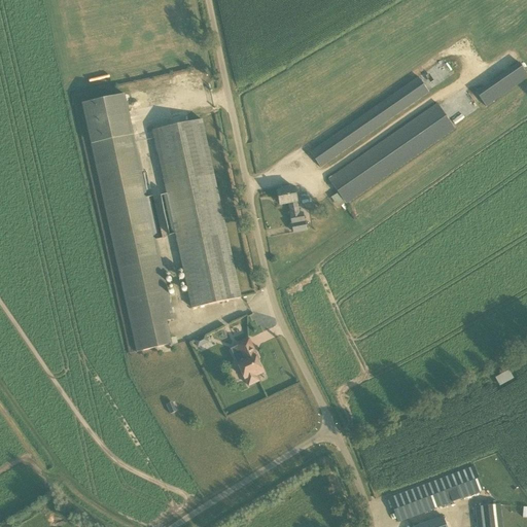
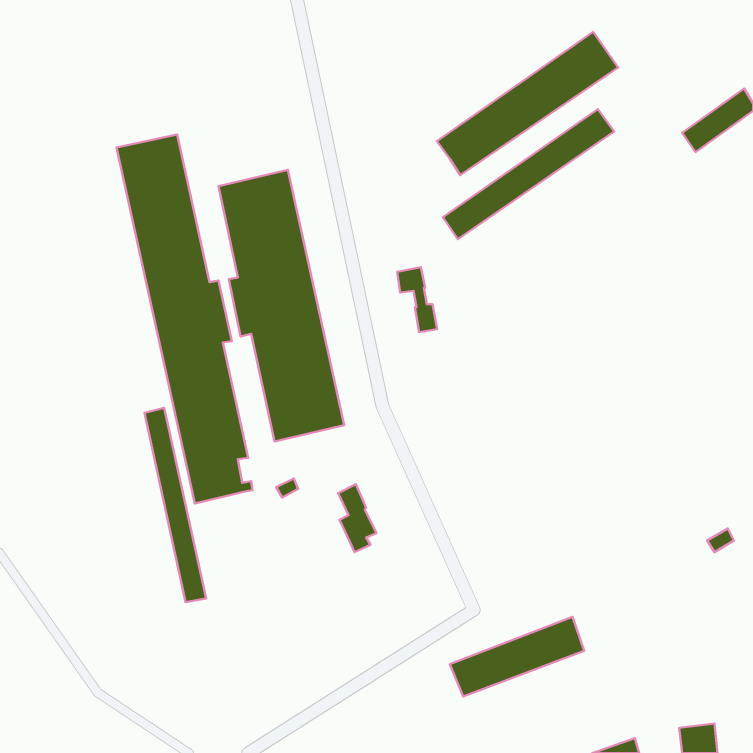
building: [327,103,454,203] -> [437,32,618,175]
building: none -> [145,408,206,602]
building: [388,465,482,521] -> [450,617,584,697]

